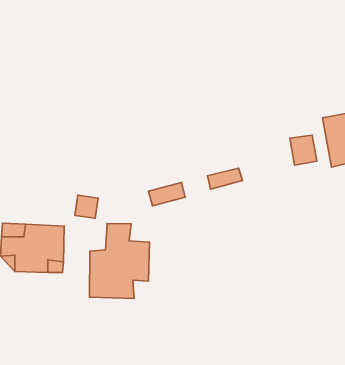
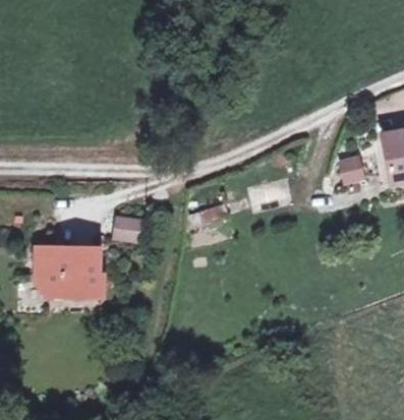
building: [89,223,150,299] -> none

